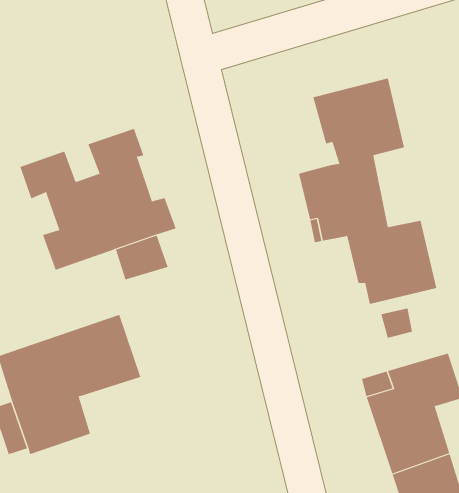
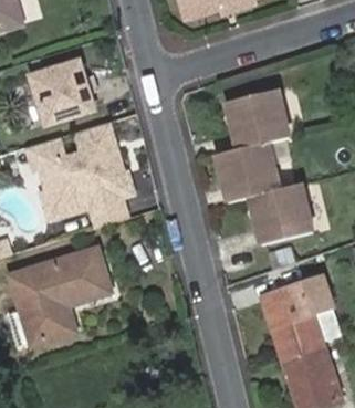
building: none -> [32,61,91,123]

